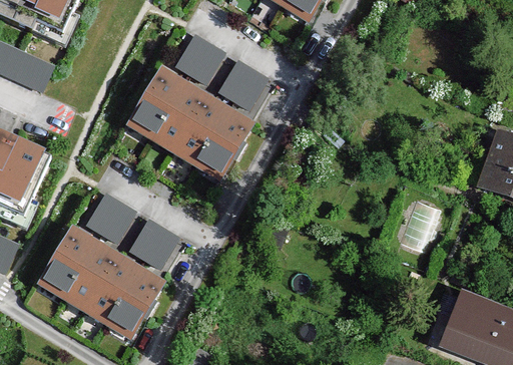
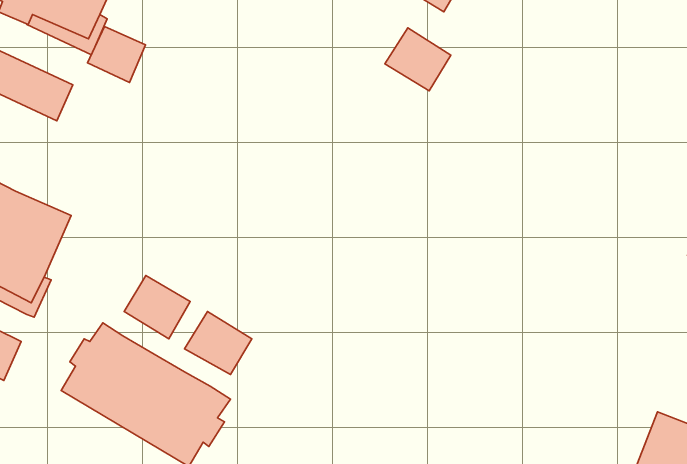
building: none -> [88,26,145,82]
building: [176,37,223,81] -> none
building: [219,63,266,107] -> [385,28,451,91]
building: [134,70,251,170] -> none

